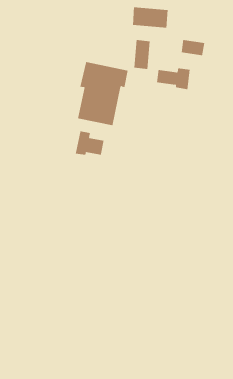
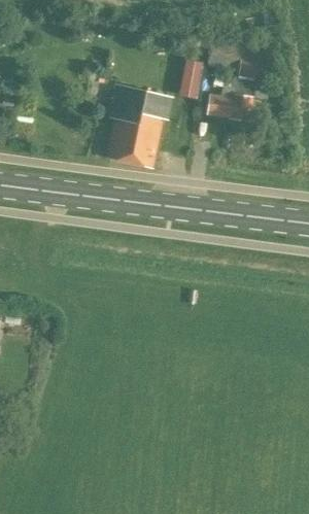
building: [132,7,168,28] -> none
building: [75,130,104,156] -> none

